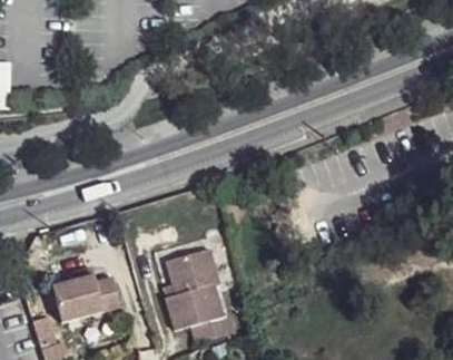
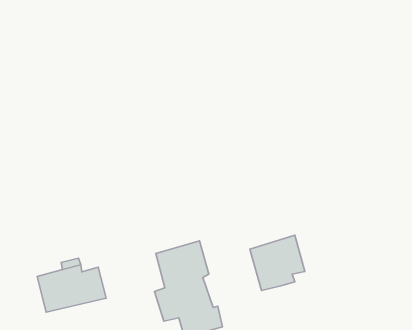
building: none -> [250,235,305,291]

